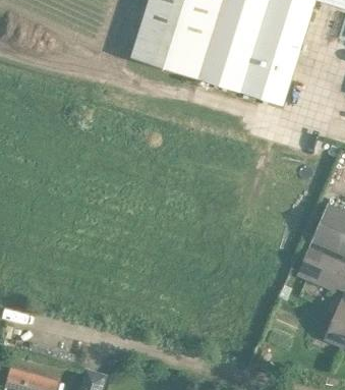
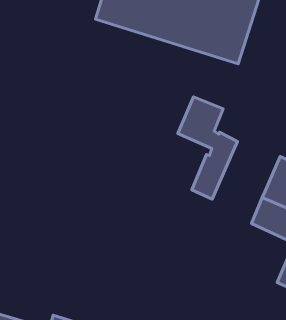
building: none -> [178,97,238,199]

